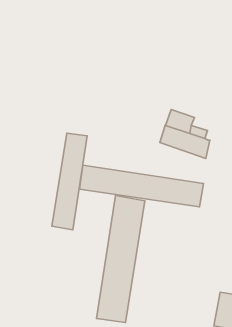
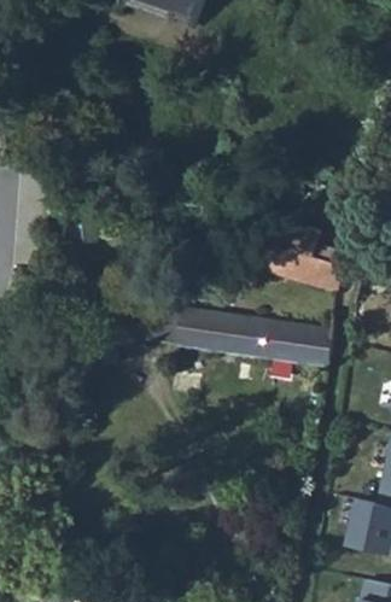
building: [52,133,87,230] -> none
building: [97,196,145,322] -> none

